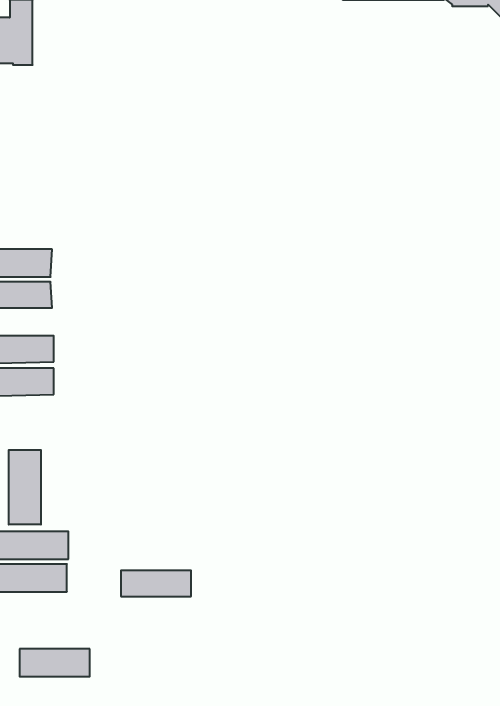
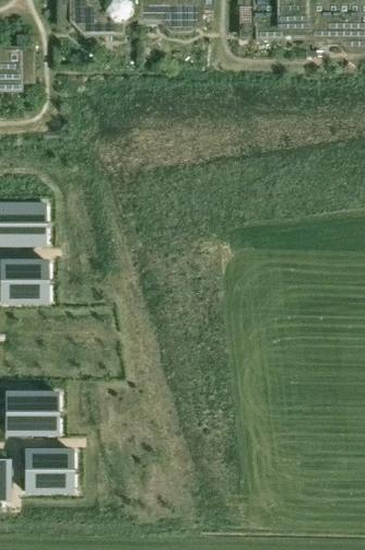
building: [9,450,41,525] -> none
building: [121,570,191,596] -> [25,447,72,465]

